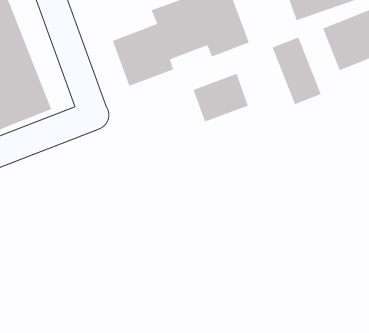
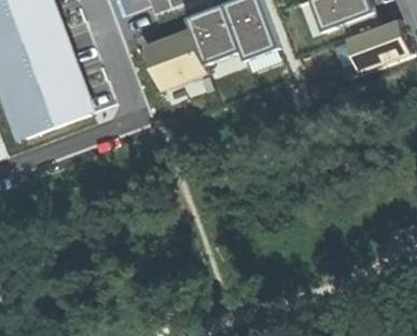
building: [271,37,322,105] -> none
building: [192,73,249,123] -> none

